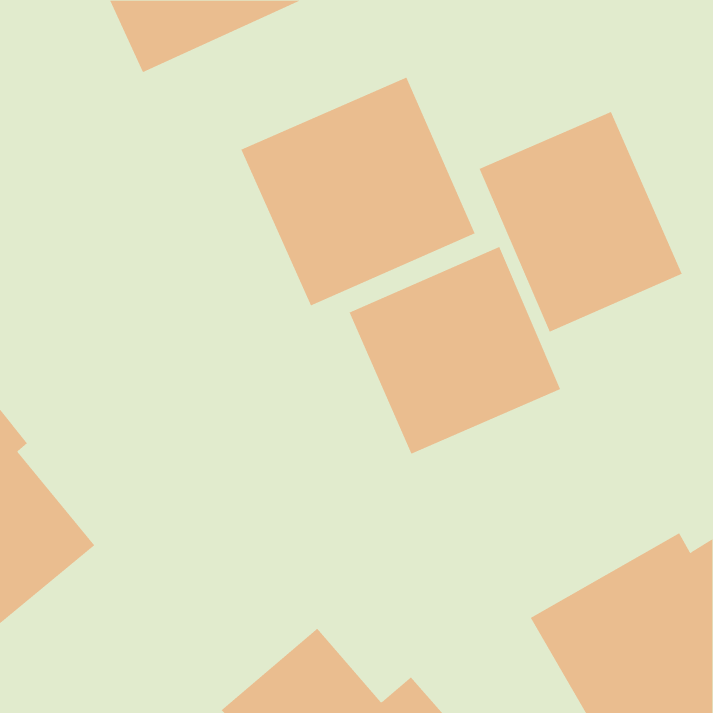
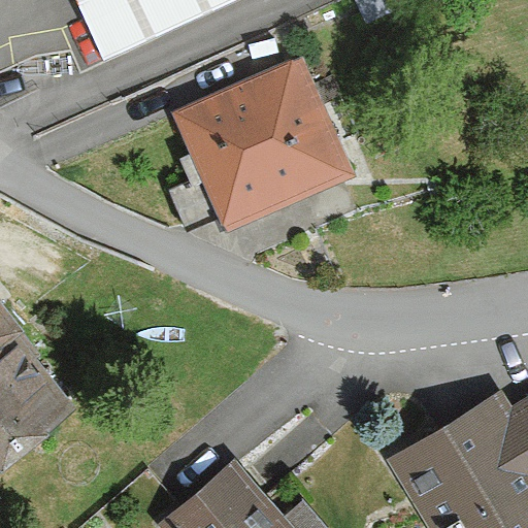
building: [479,111,682,332] -> none
building: [349,246,561,455] -> none

